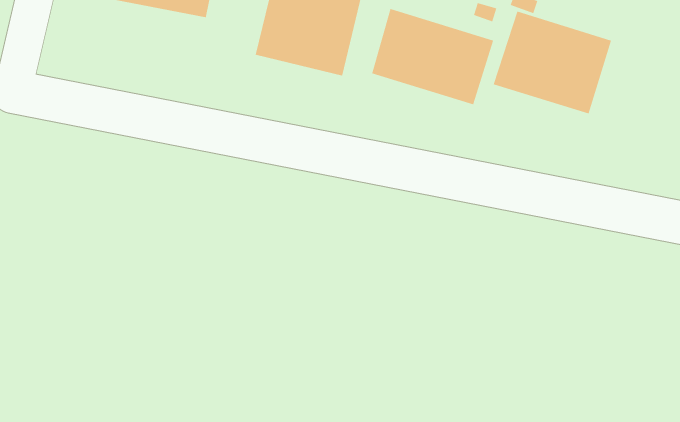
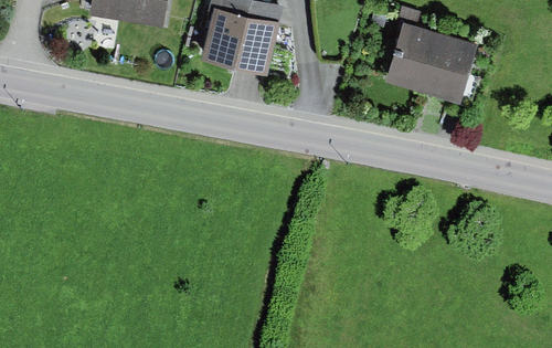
building: [371,8,494,105] -> none

